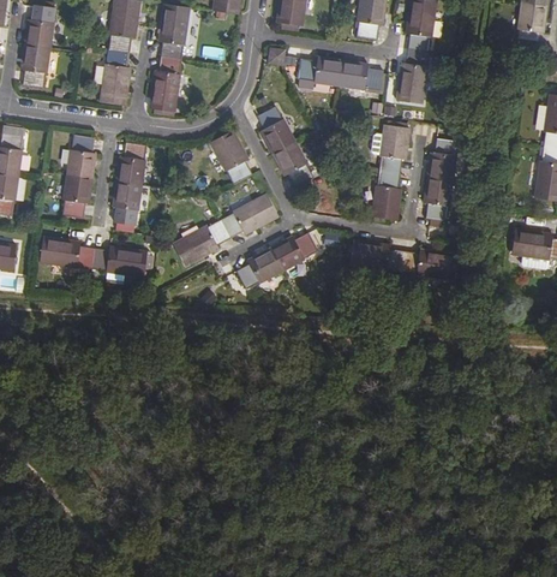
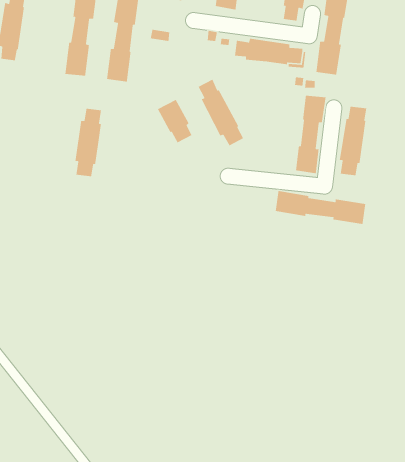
building: [61,132,95,215] -> none
building: [173,194,278,266] -> none
building: [38,236,146,276] -> none
building: [238,236,311,287] -> none

